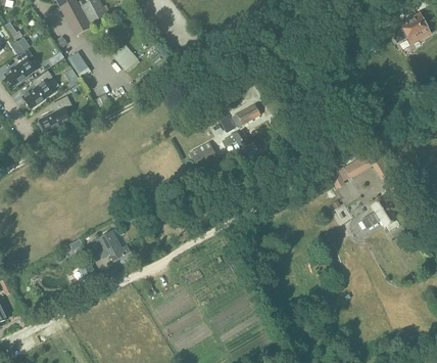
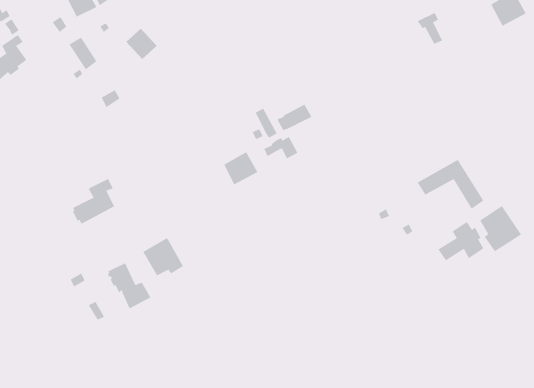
building: [21,71,54,108] -> none
building: [38,96,71,133] -> [72,178,115,225]
building: none -> [479,205,522,252]
building: none -> [142,237,184,276]

